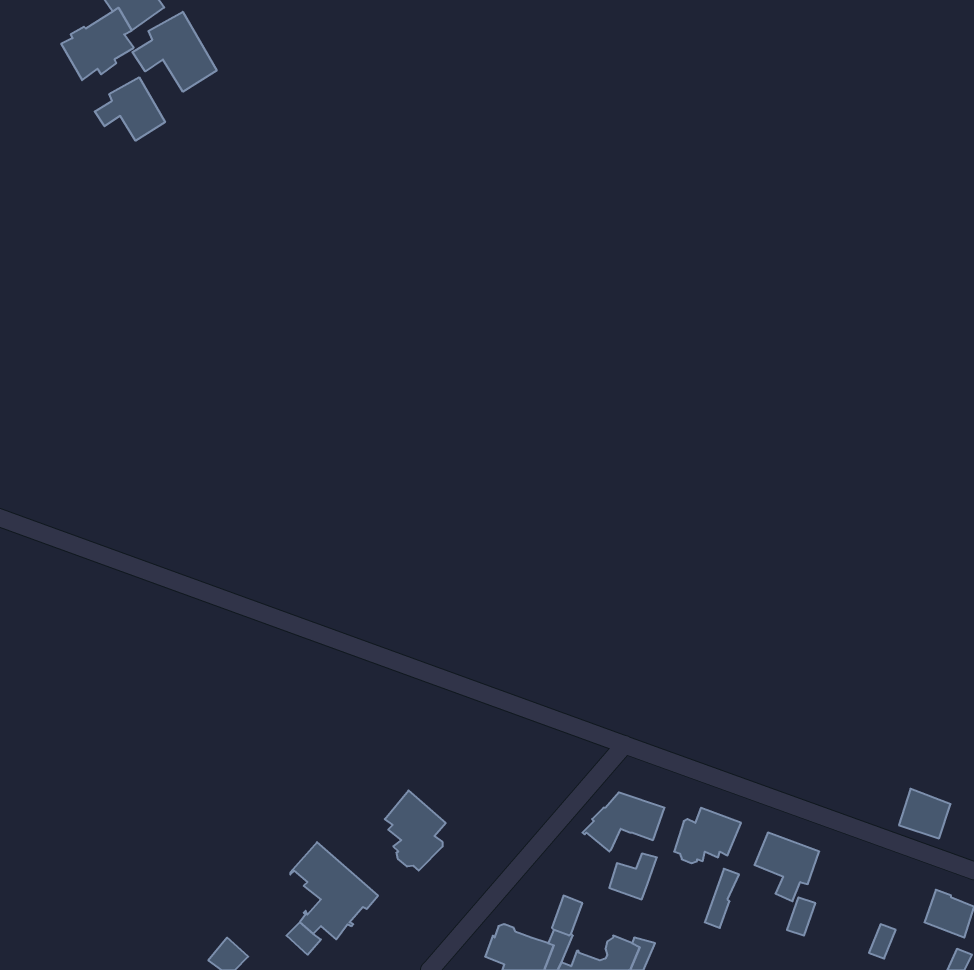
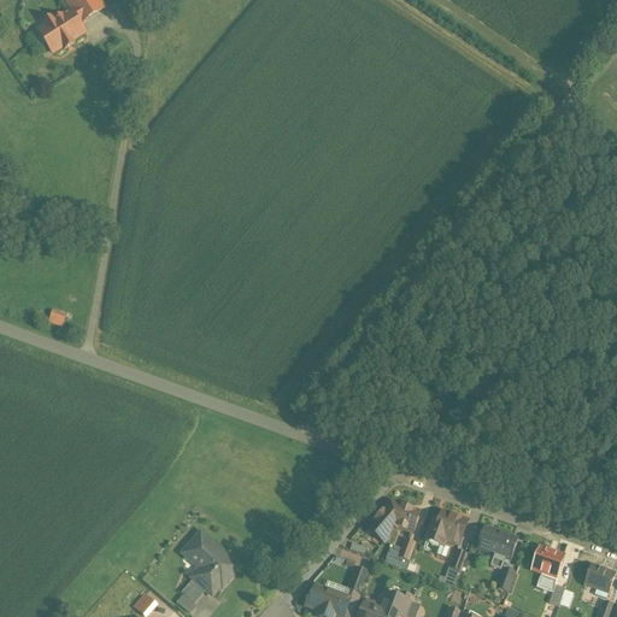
building: [132,12,217,92] -> none
building: [95,77,165,141] -> none
building: [899,789,951,838] -> [531,545,564,576]
building: [385,790,446,871] -> none

